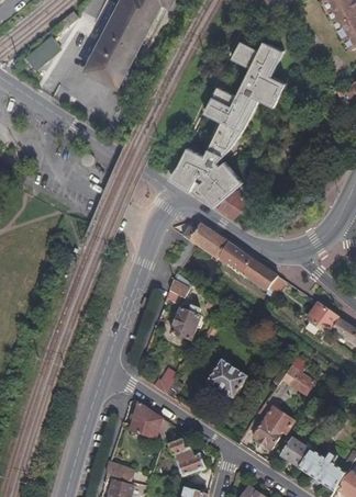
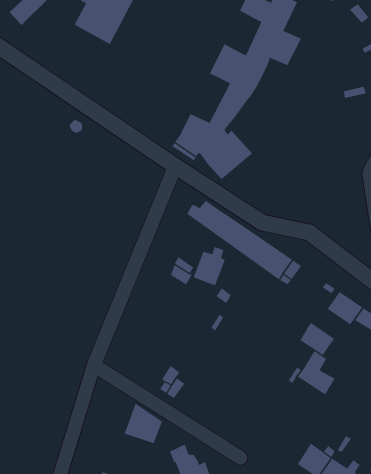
building: [214,187,251,218] -> none
building: [171,305,200,340] -> [193,246,225,286]
building: none -> [300,322,335,356]
building: [207,359,247,398] -> none
building: [253,406,293,449] -> none

